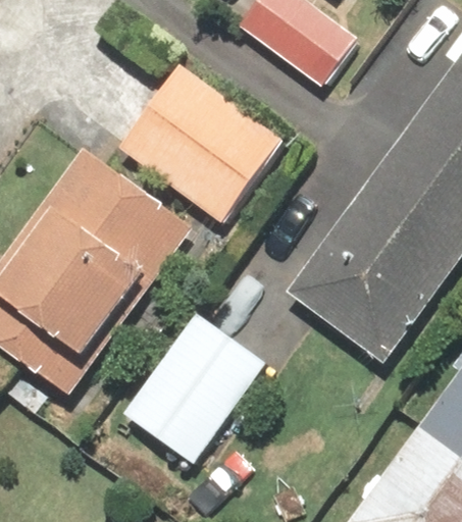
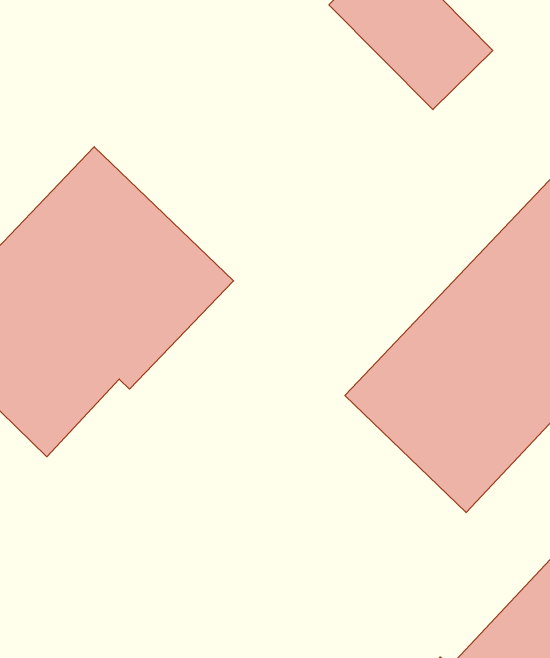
building: [117,59,286,223] -> none
building: [118,311,267,467] -> none

